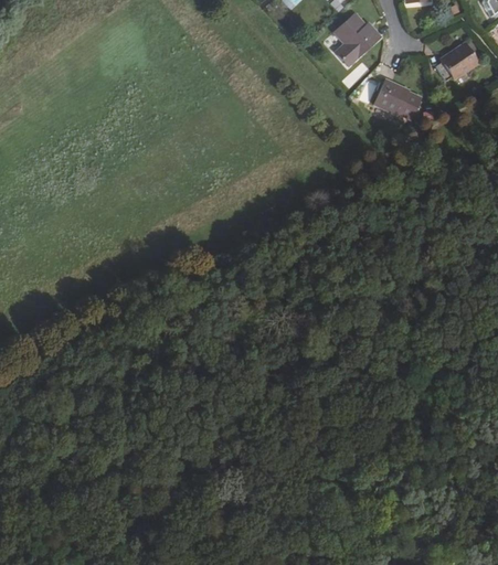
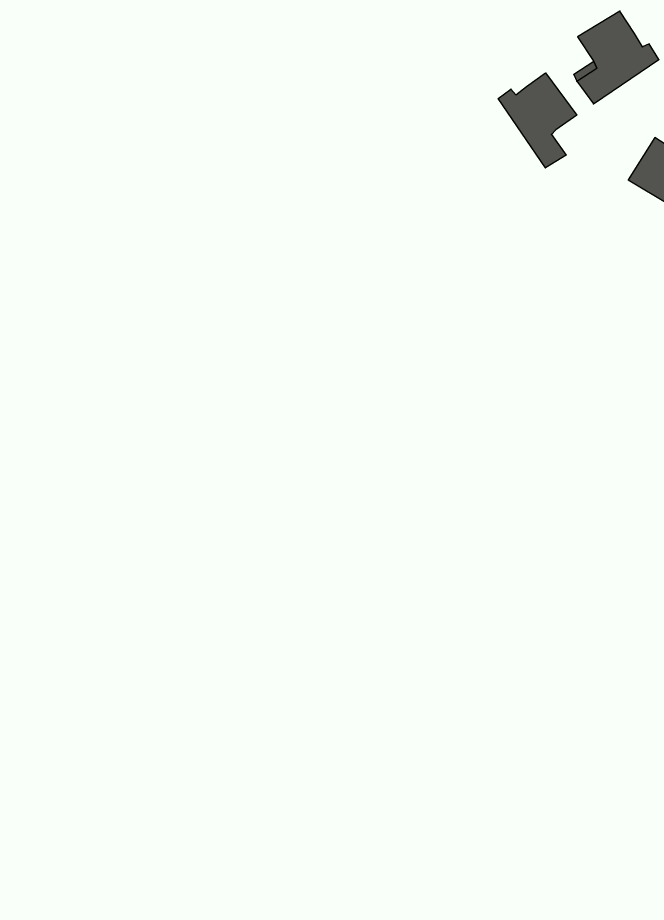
building: none -> [498,73,577,168]

